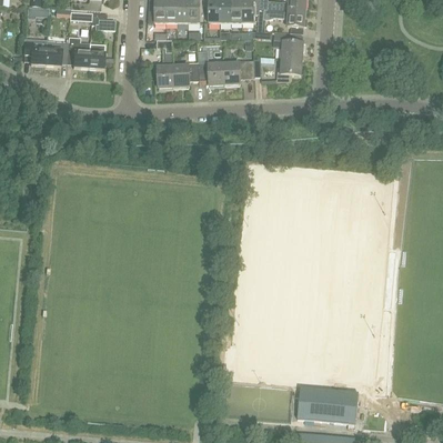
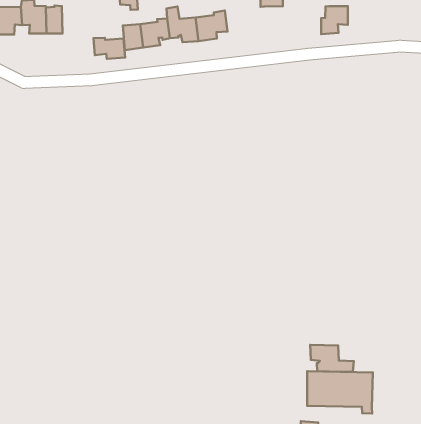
building: [275,57,301,81] -> [321,6,348,34]
building: none -> [94,38,125,59]
building: none -> [310,345,354,372]

